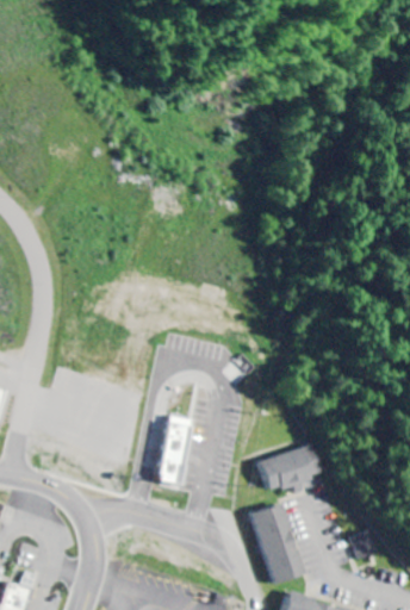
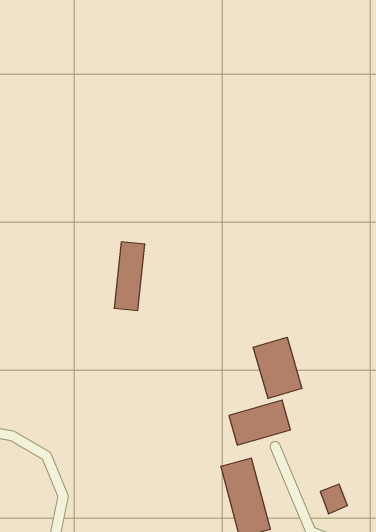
building: none -> [253,337,302,399]
building: [156,416,187,485] -> [114,242,145,311]

